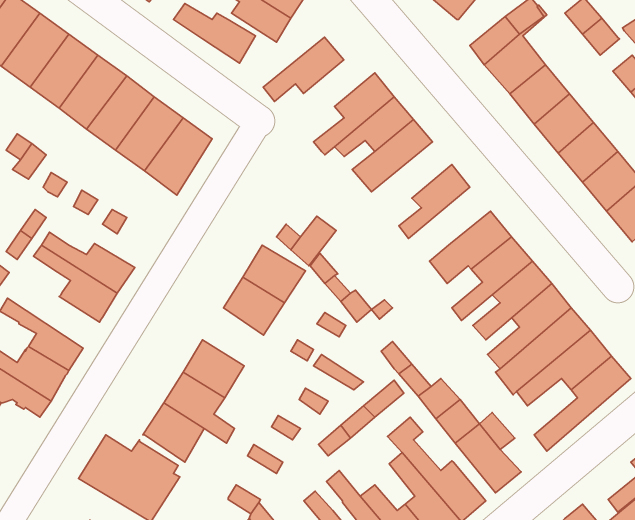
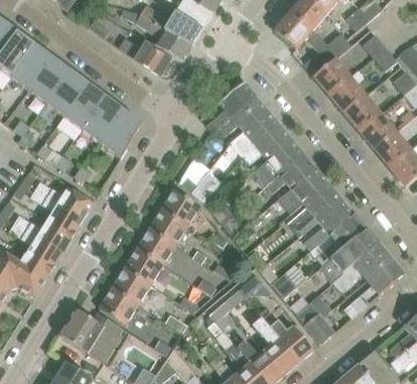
building: [263,37,344,102] -> [242,124,292,164]
building: none -> [265,152,316,193]
building: none -> [14,215,72,253]
building: none -> [136,228,174,264]

